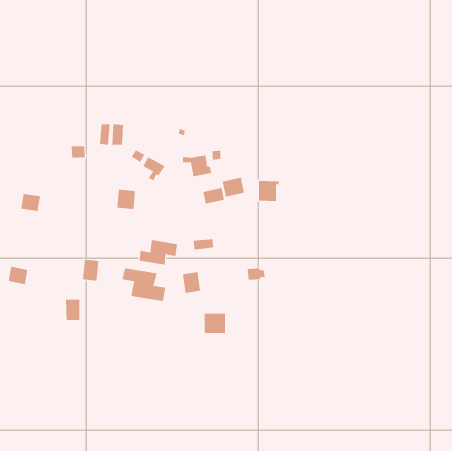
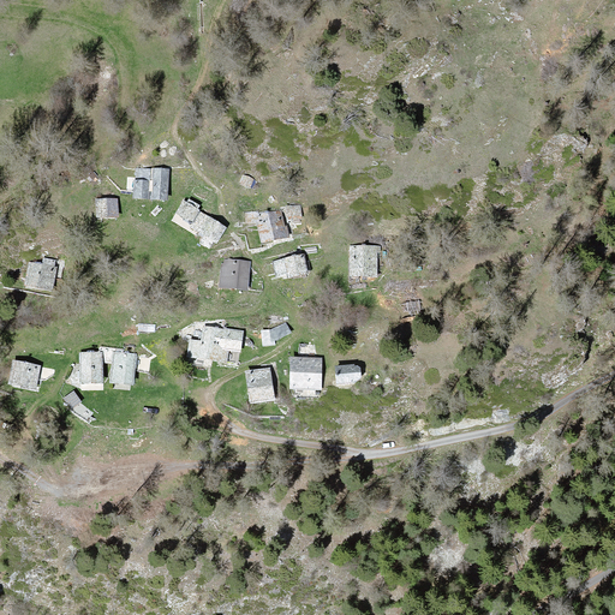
building: [222,177,244,198] -> none
building: [116,189,136,210] -> [222,259,249,287]
building: [122,268,166,302] -> none
building: [65,299,80,320] -> [80,352,101,381]
building: [204,313,226,334] -> [291,358,321,386]

